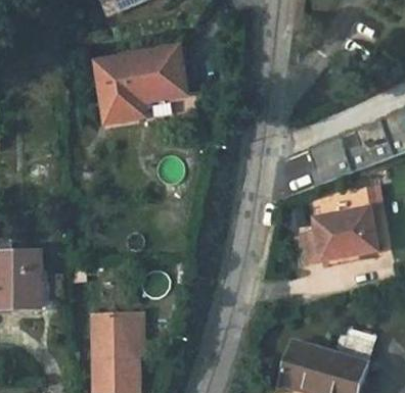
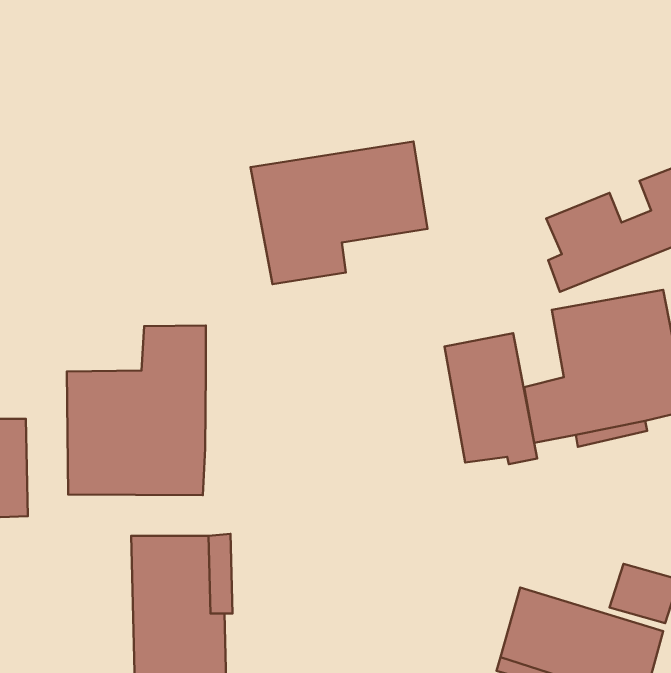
building: [94,48,185,121] -> [251,141,427,284]
building: none -> [67,325,206,495]
building: none -> [445,333,537,464]

